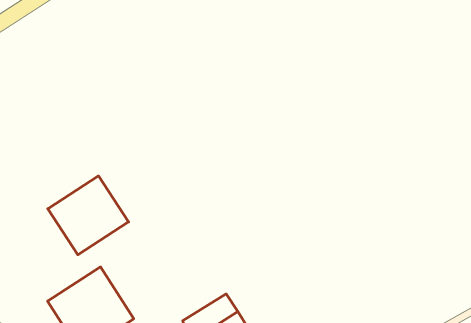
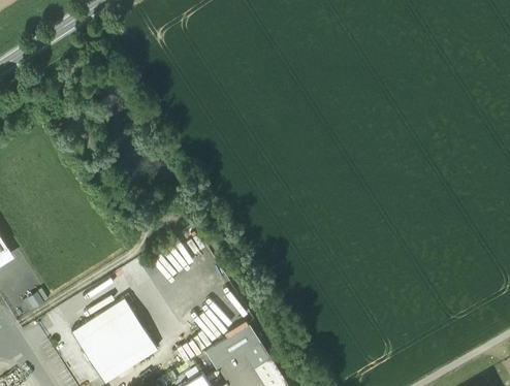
building: [48,176,129,255] -> none

